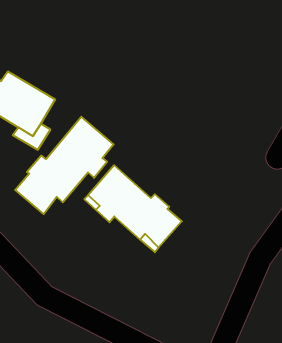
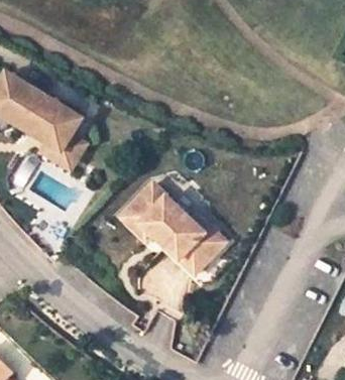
building: [15,117,114,214] -> none

